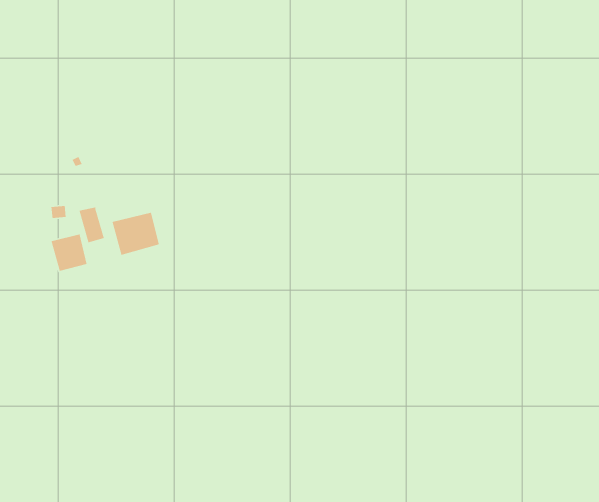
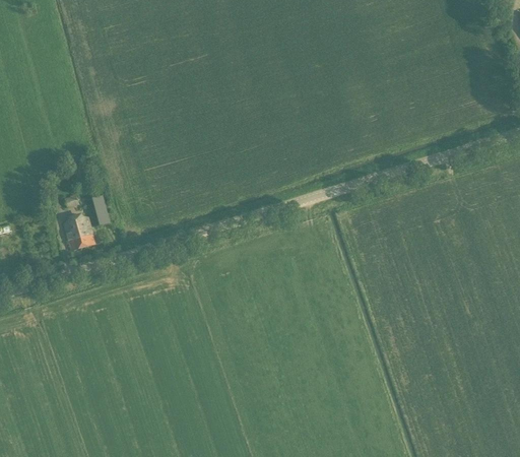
building: [112,212,160,256] -> none

